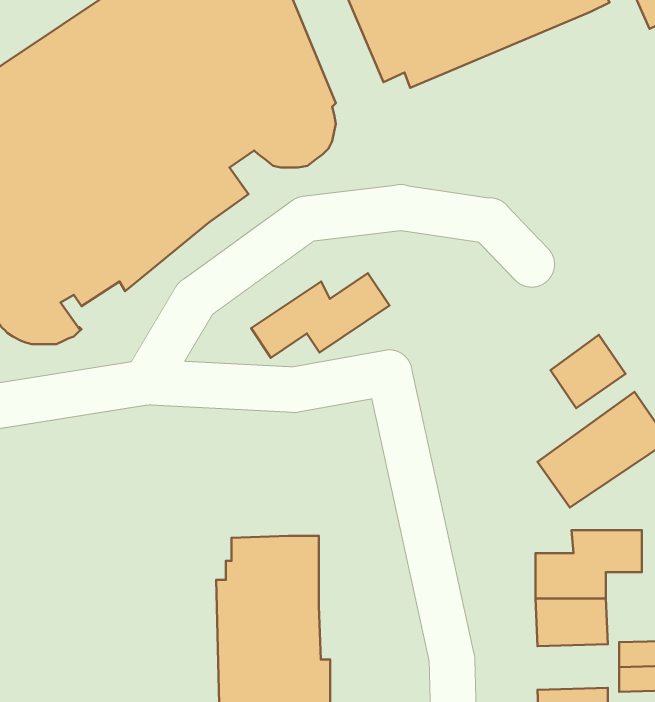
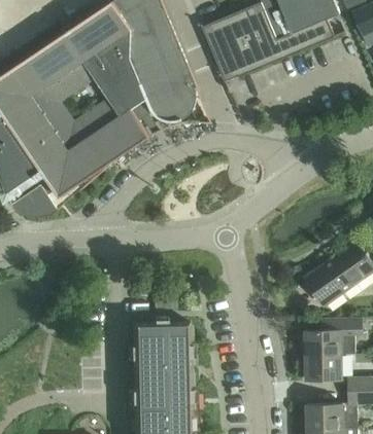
building: [251,273,389,358] -> none
building: [551,335,625,408] -> none

